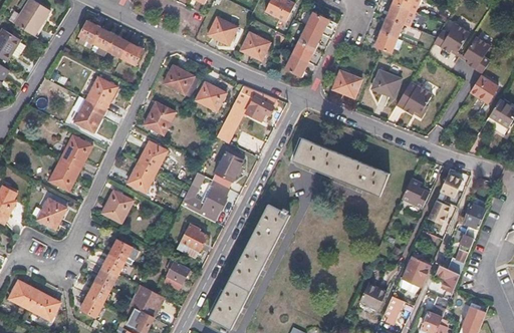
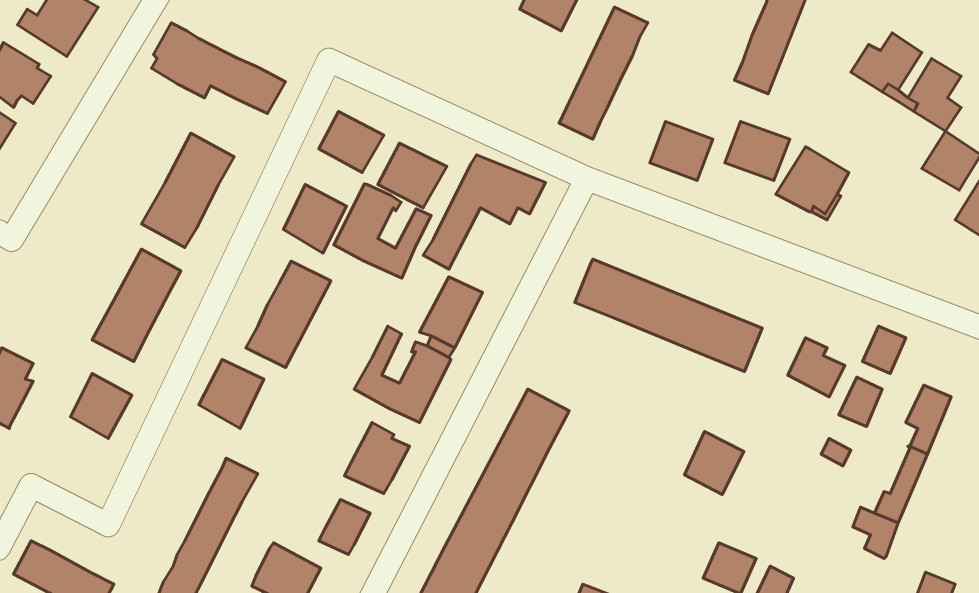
building: [208,16,237,44] -> none
building: [240,32,270,61] -> none
building: none -> [334,184,431,278]
building: [402,255,432,287] -> [685,432,744,495]

